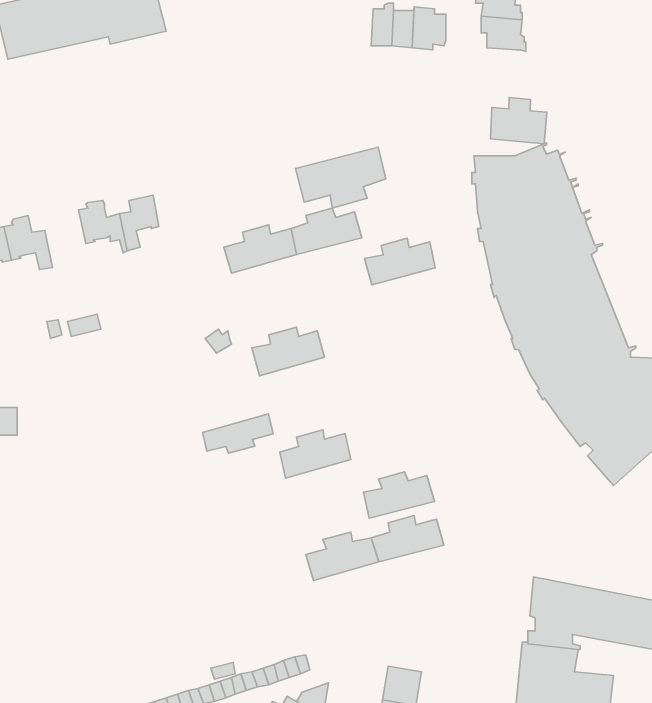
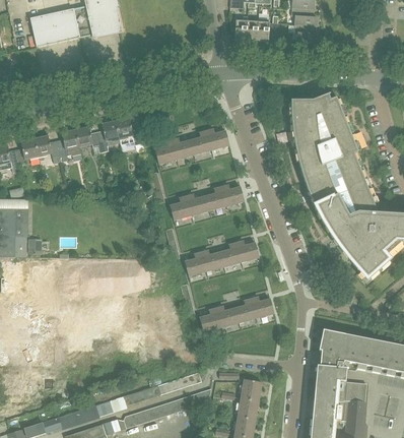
building: [490,98,547,144] -> none
building: [296,147,386,208] -> none
building: none -> [116,117,143,147]
building: none -> [57,128,80,161]
building: [364,238,435,285] -> [205,184,244,209]
building: [203,414,273,453] -> none
building: [364,472,434,518] -> [220,240,259,265]

